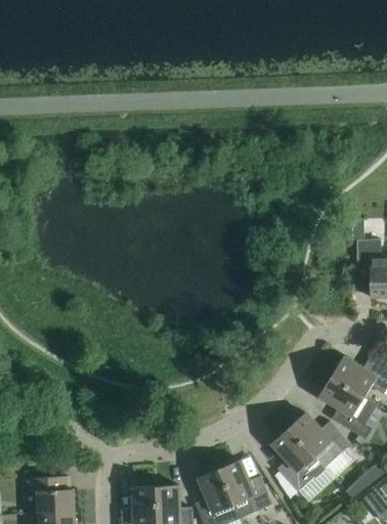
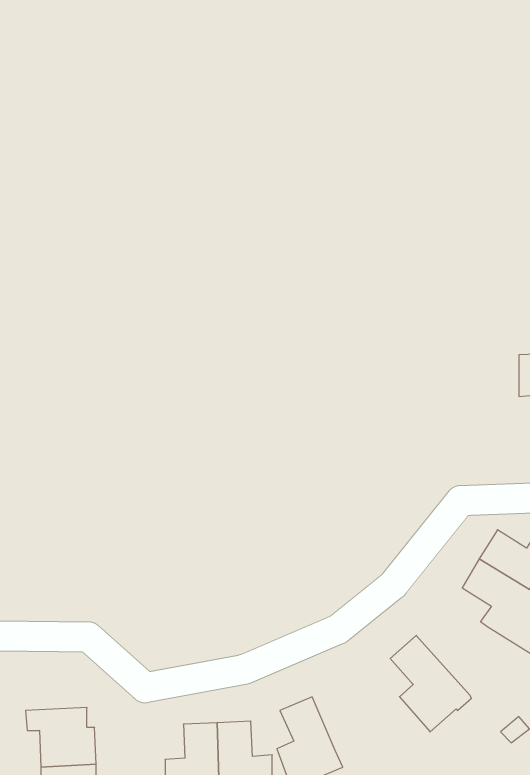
building: [288,412,350,468] -> none
building: [218,460,272,514] -> none

